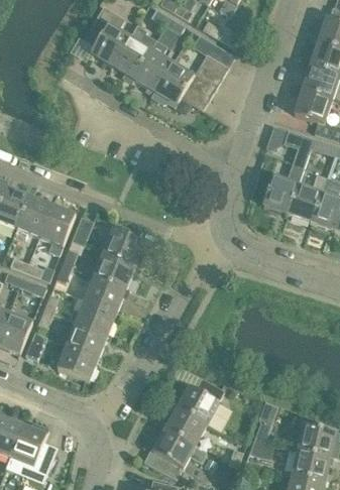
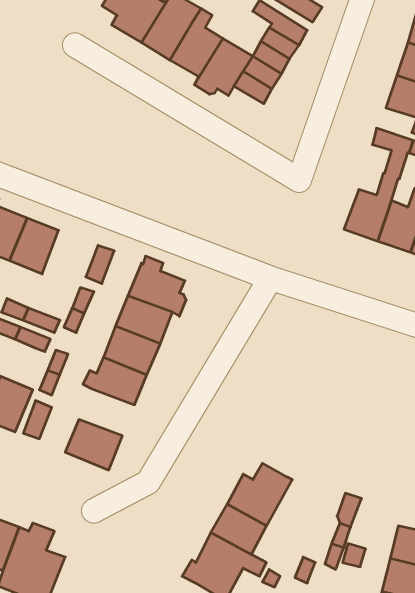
building: [39,205,75,254] -> none
building: [67,322,108,357] -> none

